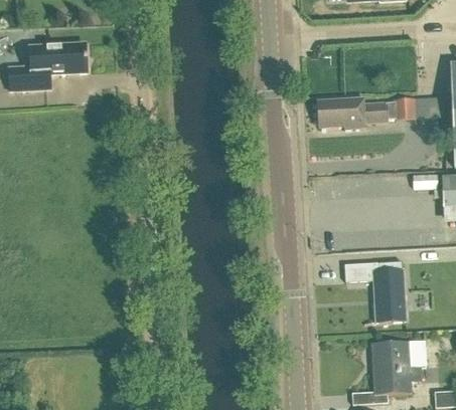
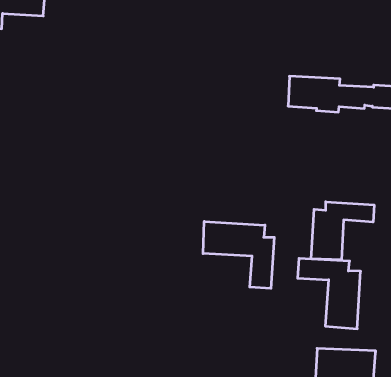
building: none -> [311,202,374,260]
building: none -> [203,221,274,288]

